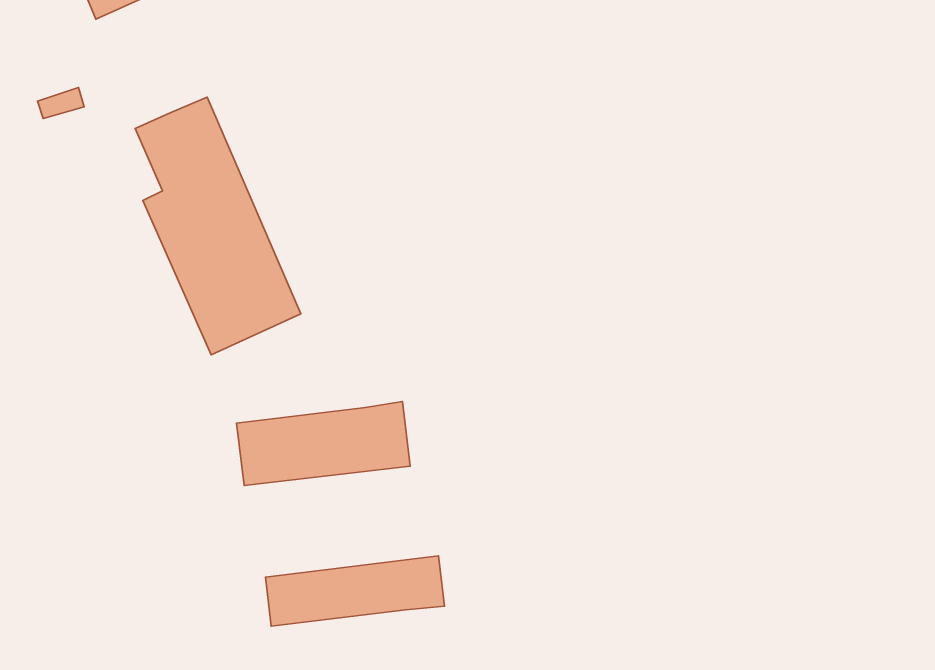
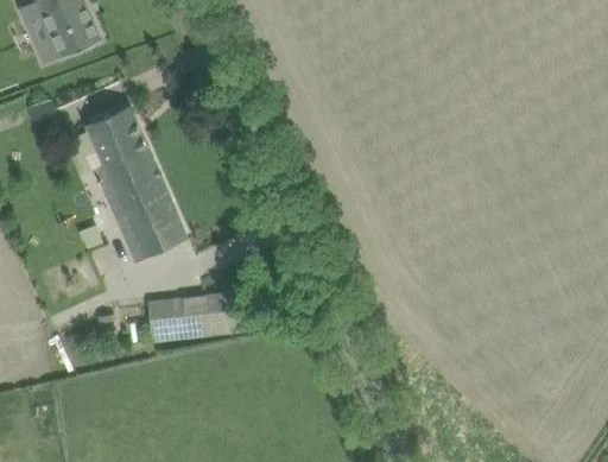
building: [265,556,445,626] -> none

